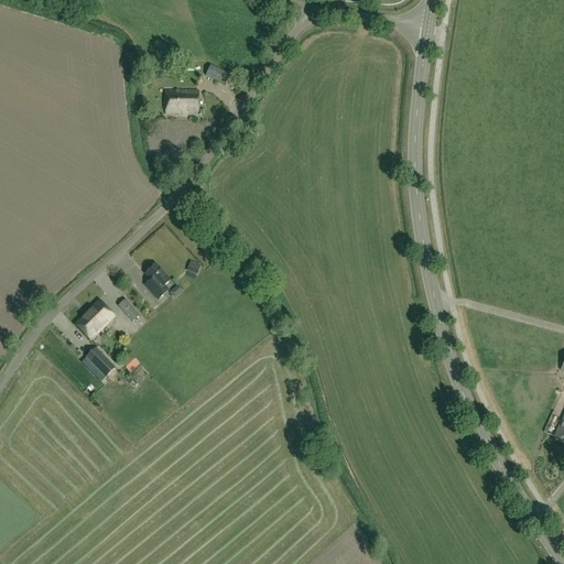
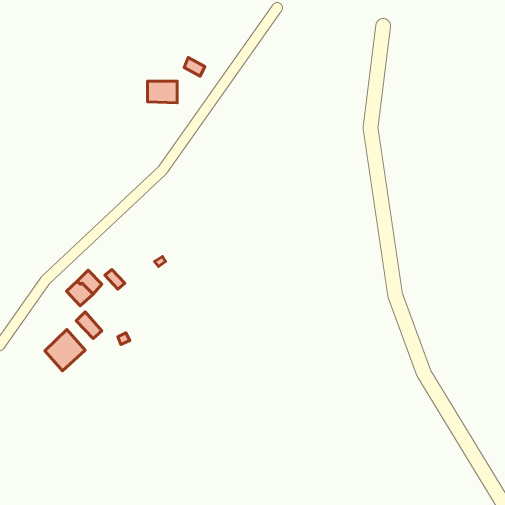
building: [143,262,170,300] -> none
building: none -> [45,330,85,371]

